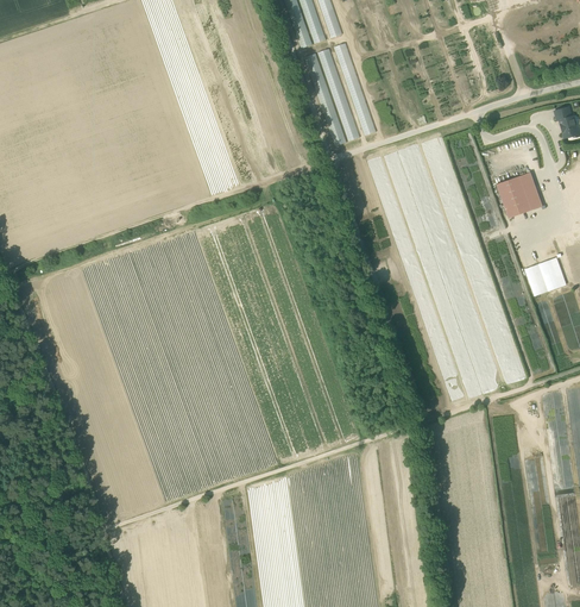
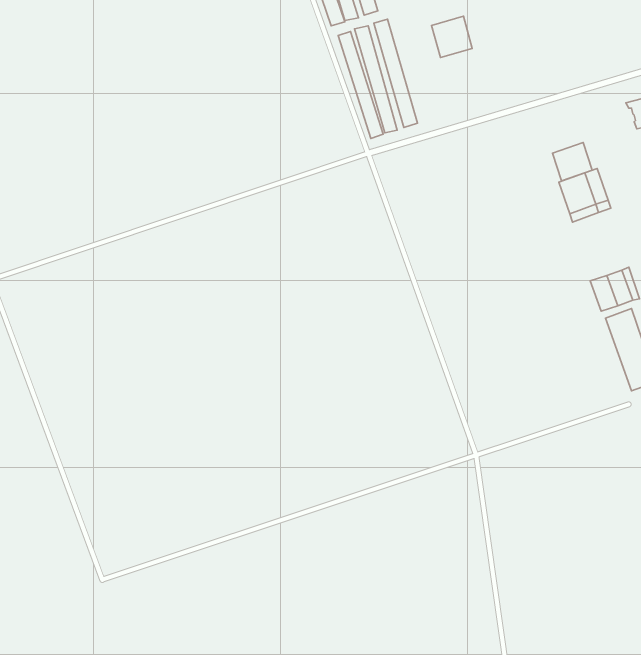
building: none -> [432,16,472,58]
building: none -> [552,142,592,181]

